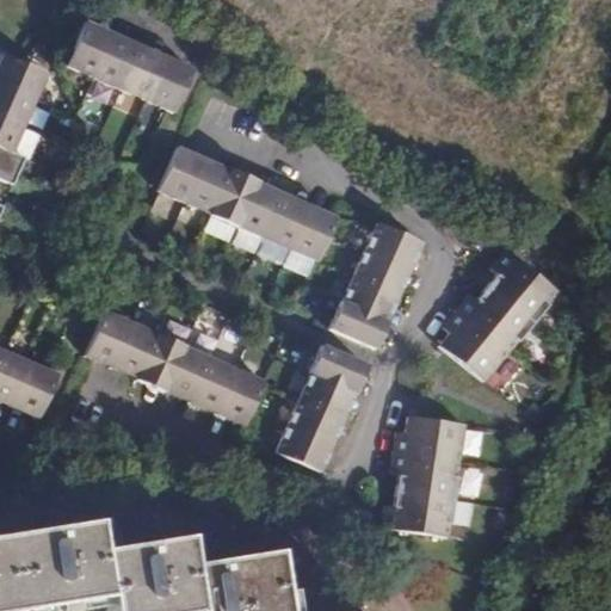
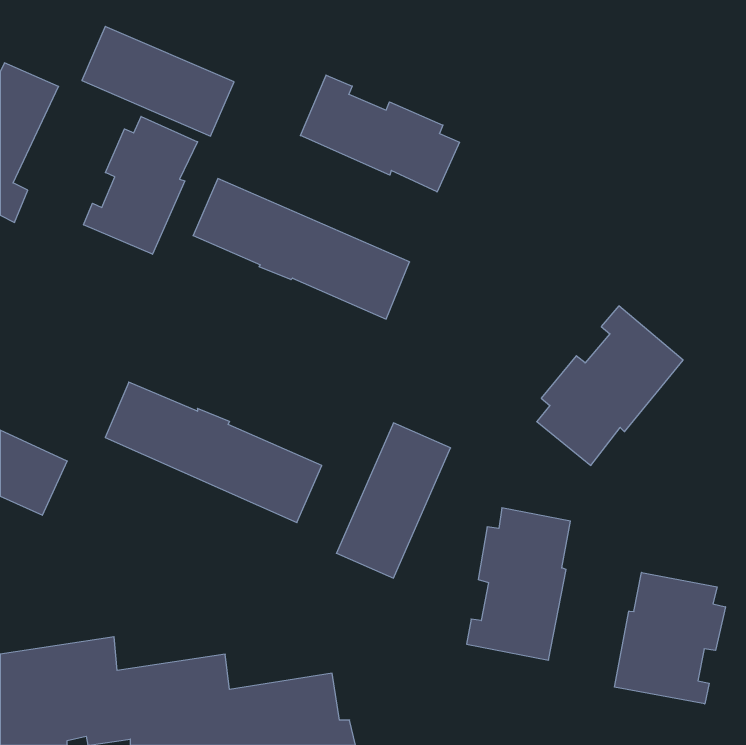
building: none -> [300,75,460,192]
building: none -> [84,116,198,254]
building: [331,220,424,346] -> none
building: none -> [615,572,725,704]

